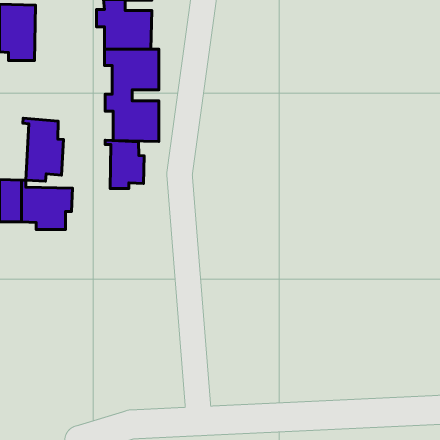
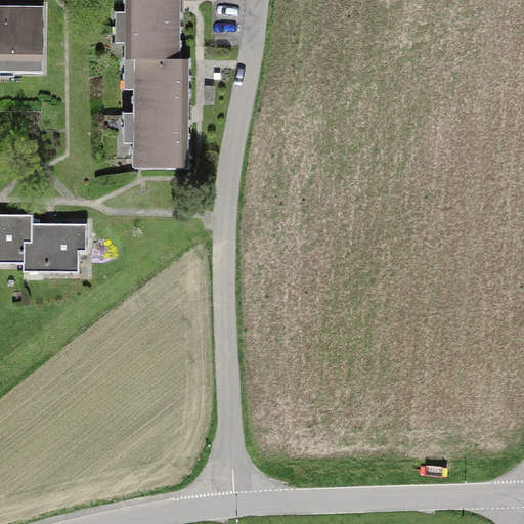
building: [23,118,64,181] -> none
building: [105,140,144,188] -> none

